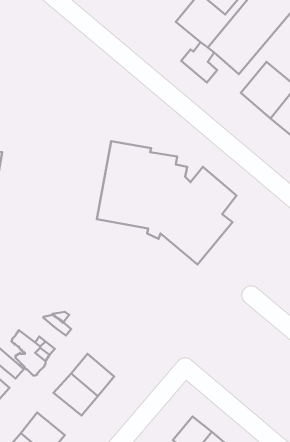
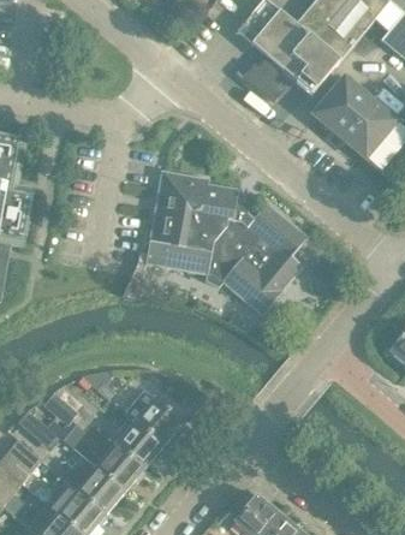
building: none -> [125,387,184,445]
building: none -> [66,458,126,513]

